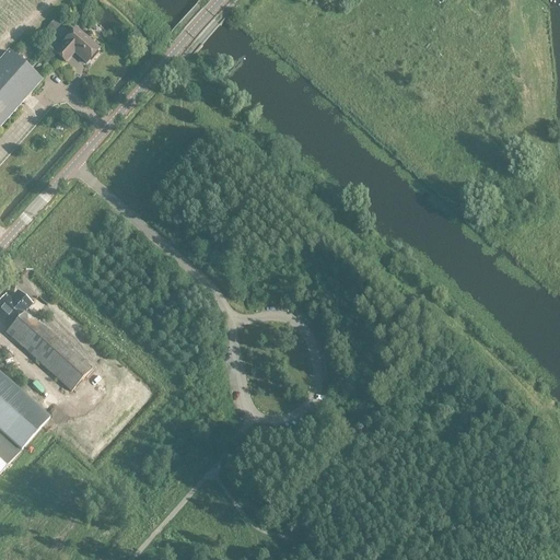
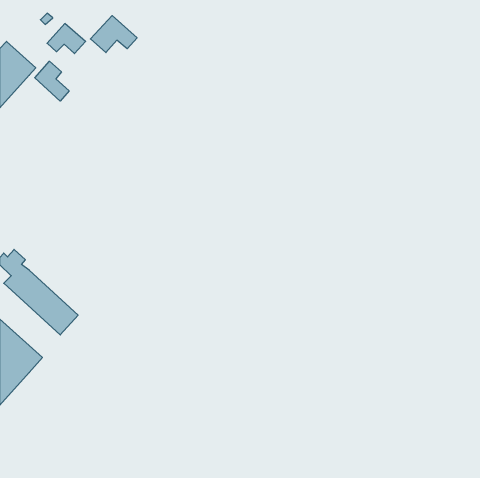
building: none -> [90,16,137,53]
building: none -> [35,61,69,101]

